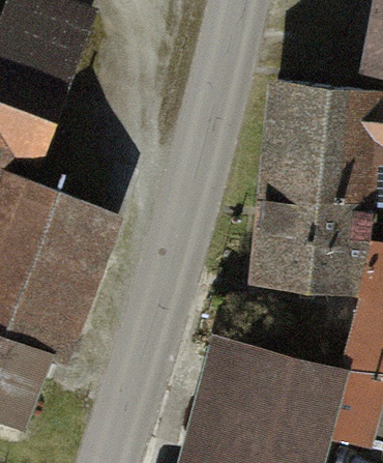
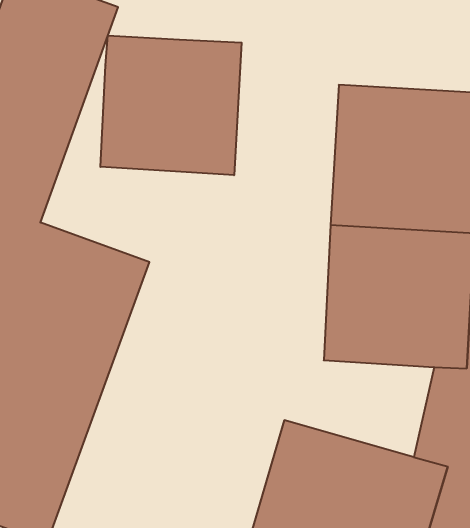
building: none -> [100,36,242,175]

